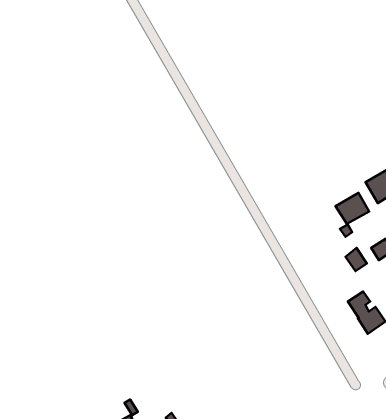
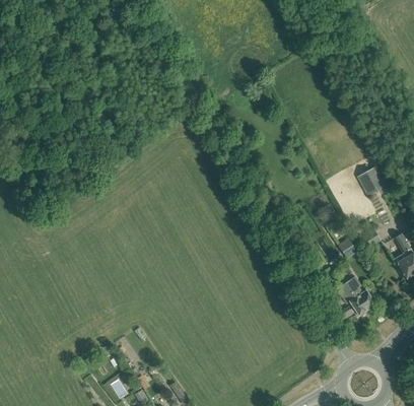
building: [336,193,369,224] -> none

